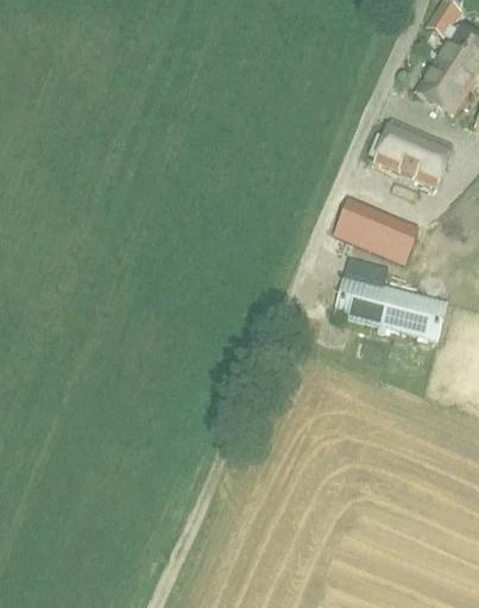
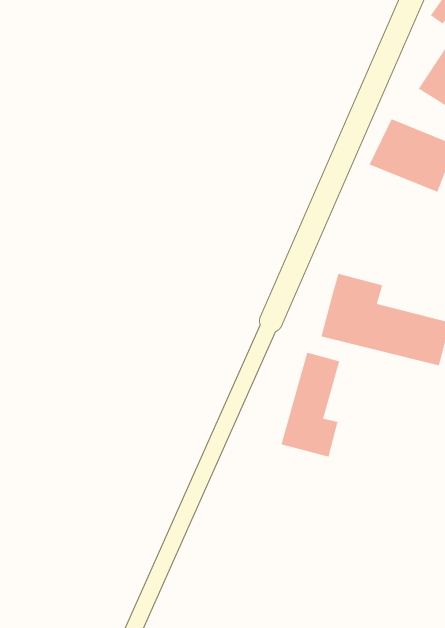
building: [346,200,410,246] -> none
building: none -> [281,352,340,457]

